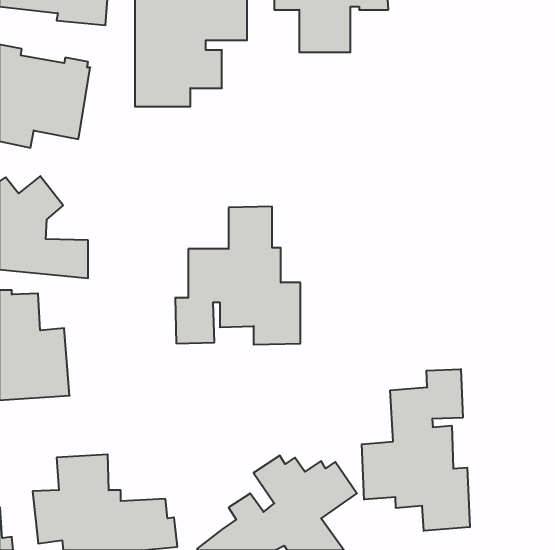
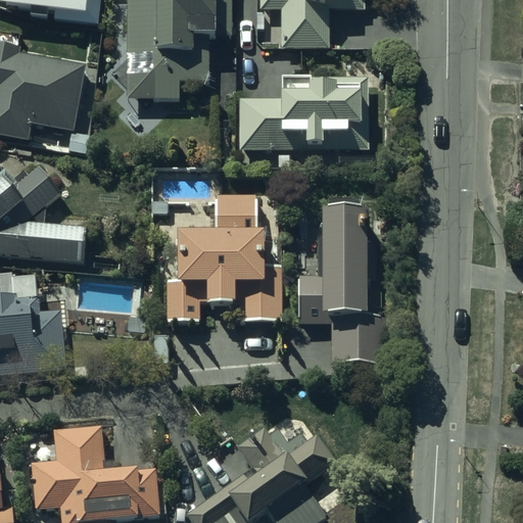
building: none -> [239,76,368,152]
building: none -> [297,198,389,365]
building: [362,369,470,531] -> none

